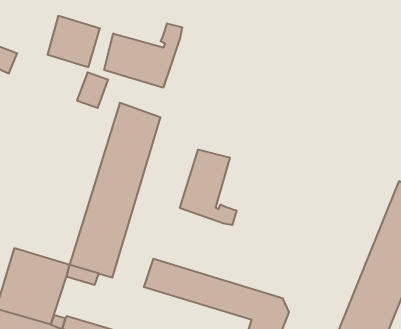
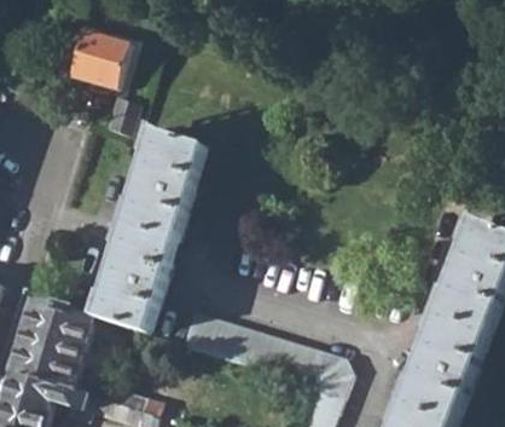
building: [104,23,182,88] -> none
building: [180,150,236,225] -> none

